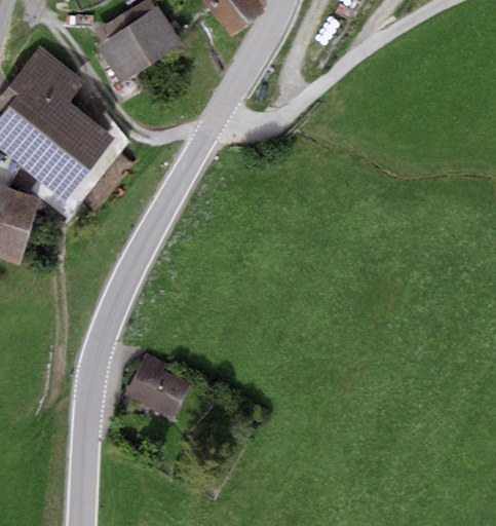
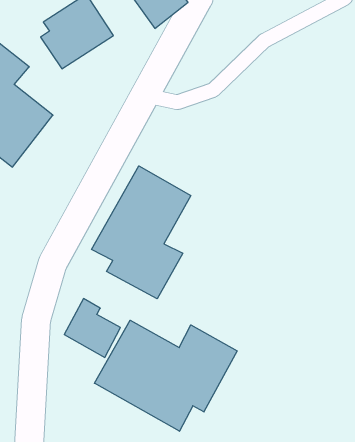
building: none -> [92,166,191,299]
building: none -> [94,320,237,431]

